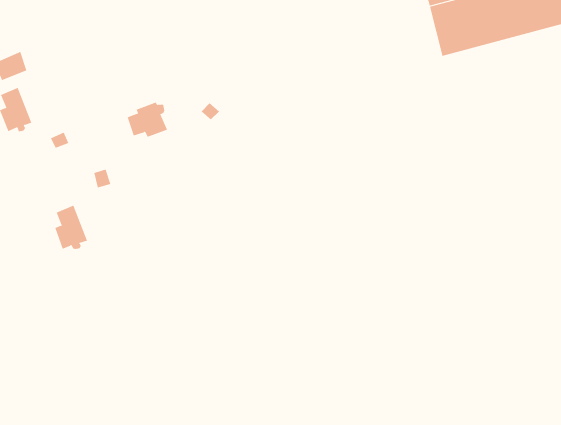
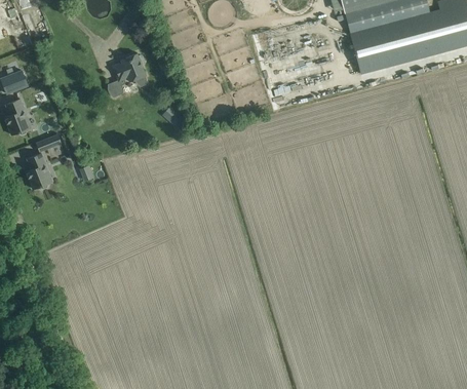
building: [127,102,168,138] -> [113,53,146,82]
building: [55,205,88,250] -> [26,153,52,189]

